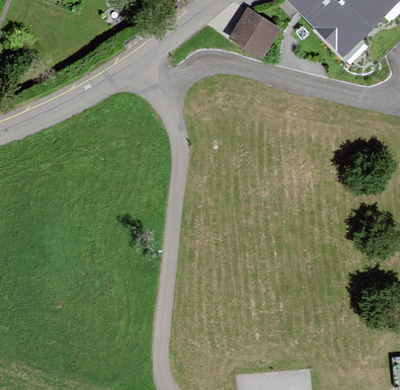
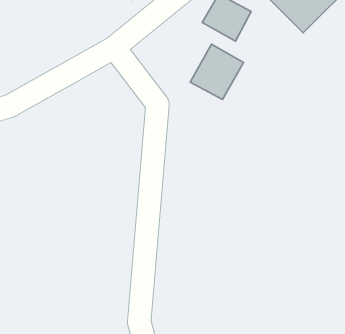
building: none -> [190,44,244,99]

